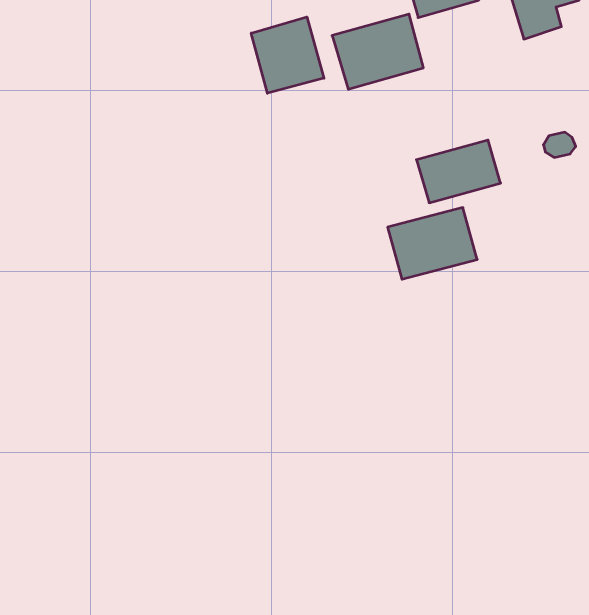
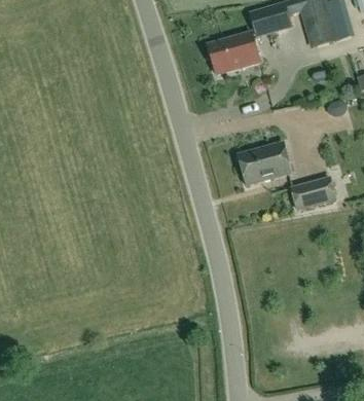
building: [251,17,324,93] -> none
building: [416,140,501,203] -> [288,175,336,211]

